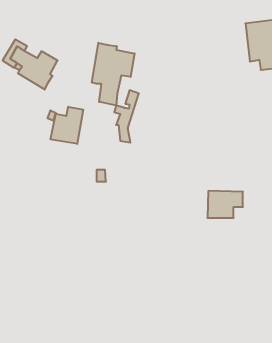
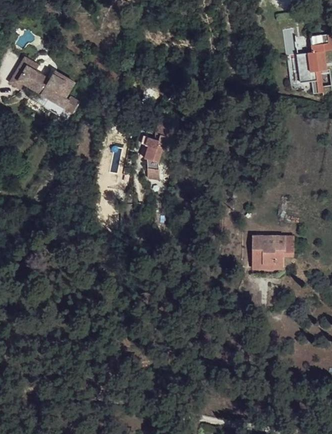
building: [92,43,135,105] -> none
building: [51,107,83,144] -> none

